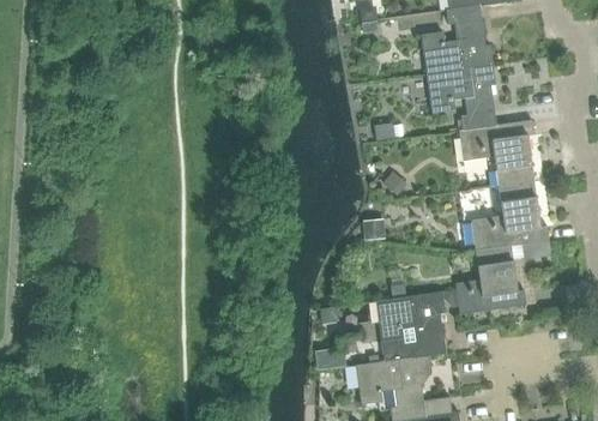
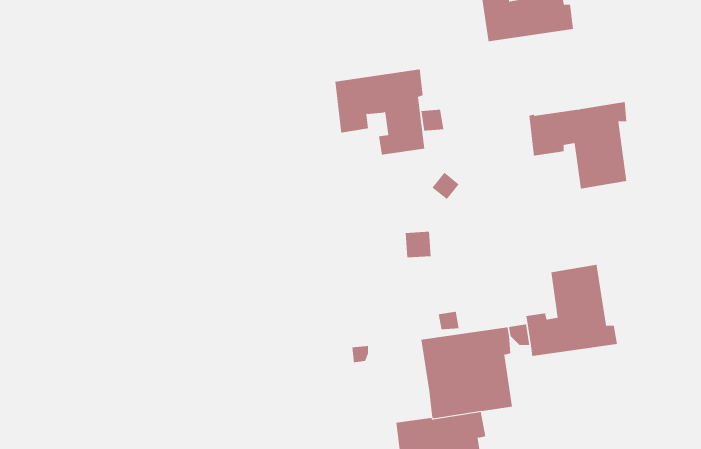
building: [427,64,496,130] -> [334,69,425,155]
building: [470,180,549,249] -> none

